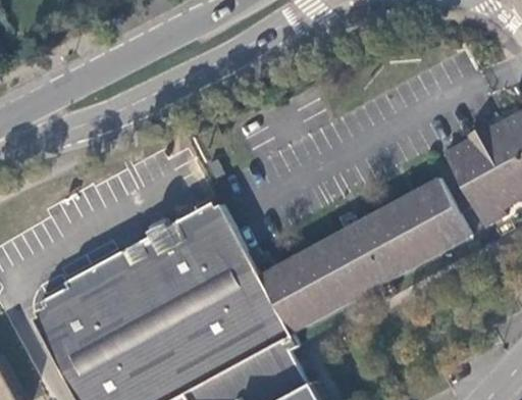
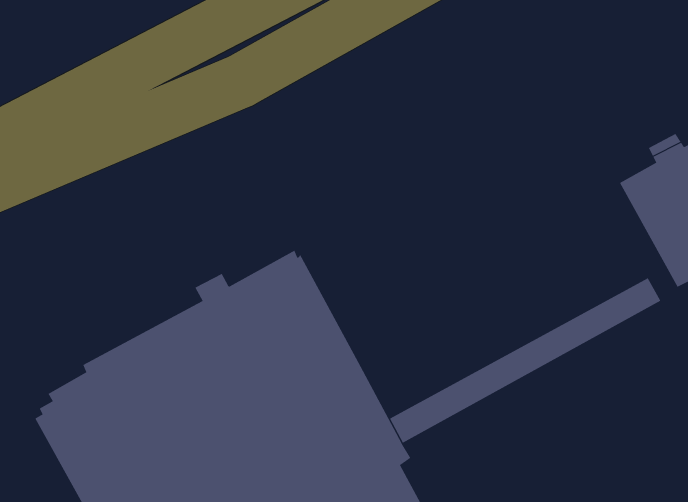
building: [260,181,463,317] -> none

